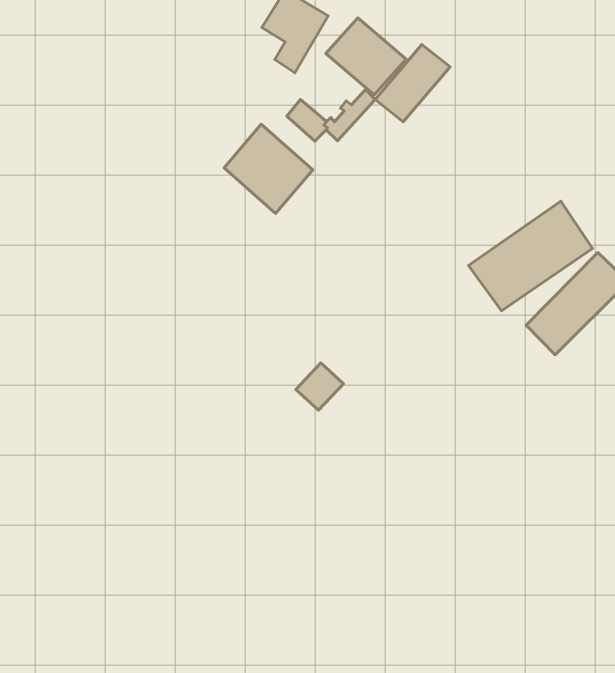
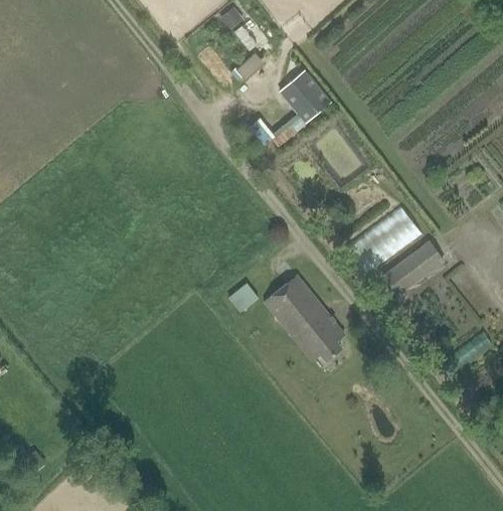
building: [375,45,450,122] -> none
building: [224,124,313,213] -> none
building: none -> [265,276,345,360]

